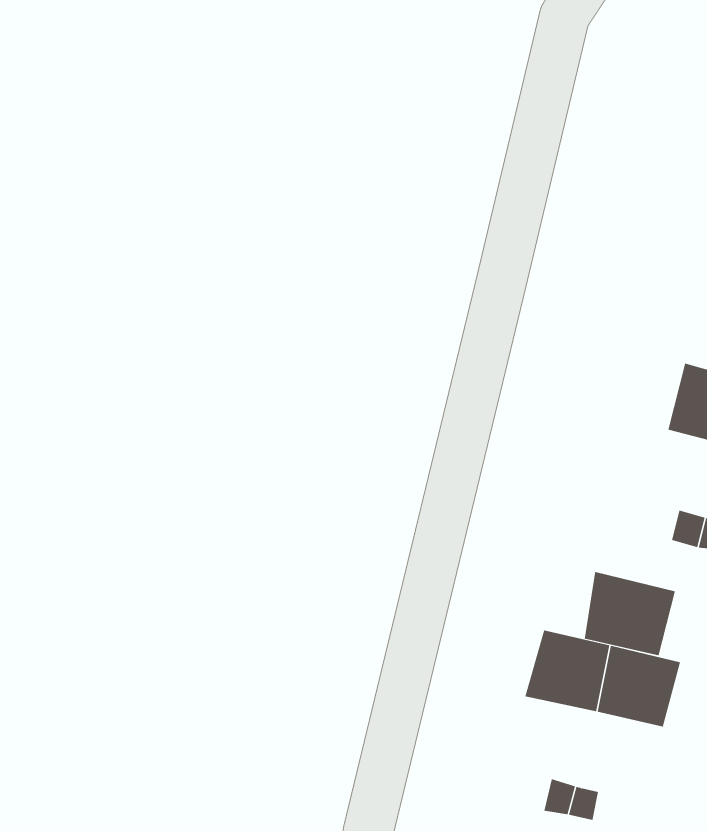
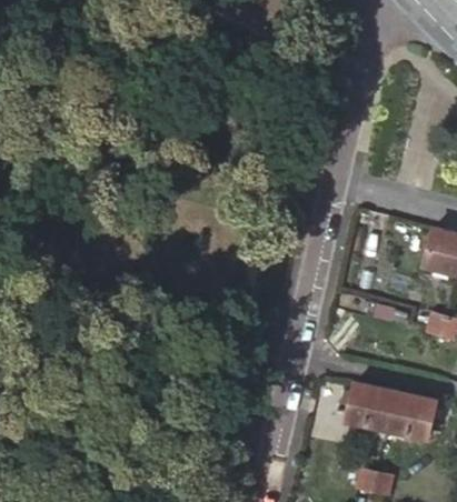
building: [584,571,676,656] -> none

